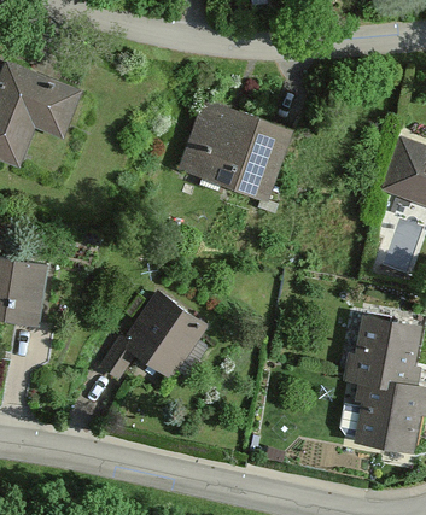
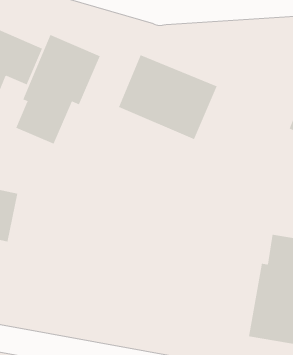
building: none -> [16,34,101,145]
building: [97,287,210,381] -> none

